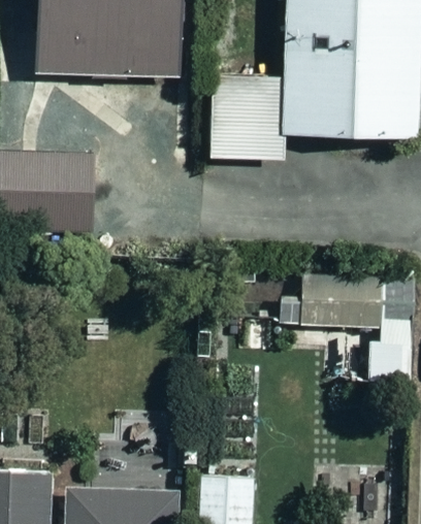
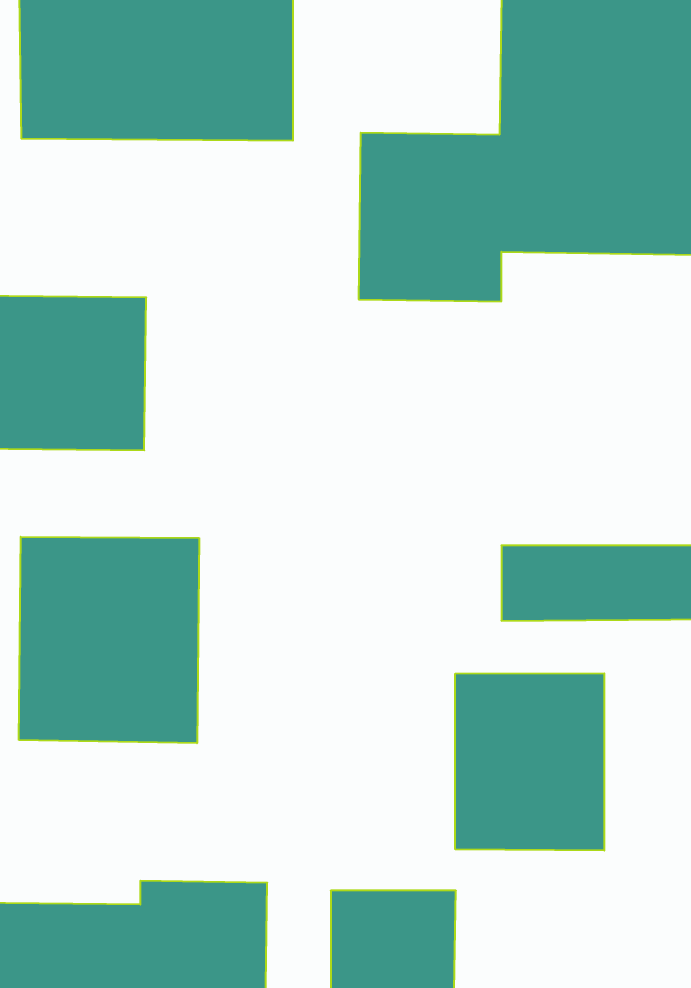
building: none -> [19,537,199,743]
building: none -> [455,673,604,851]

